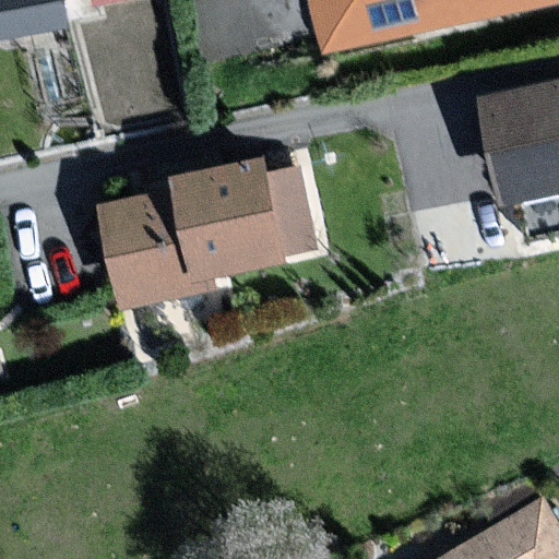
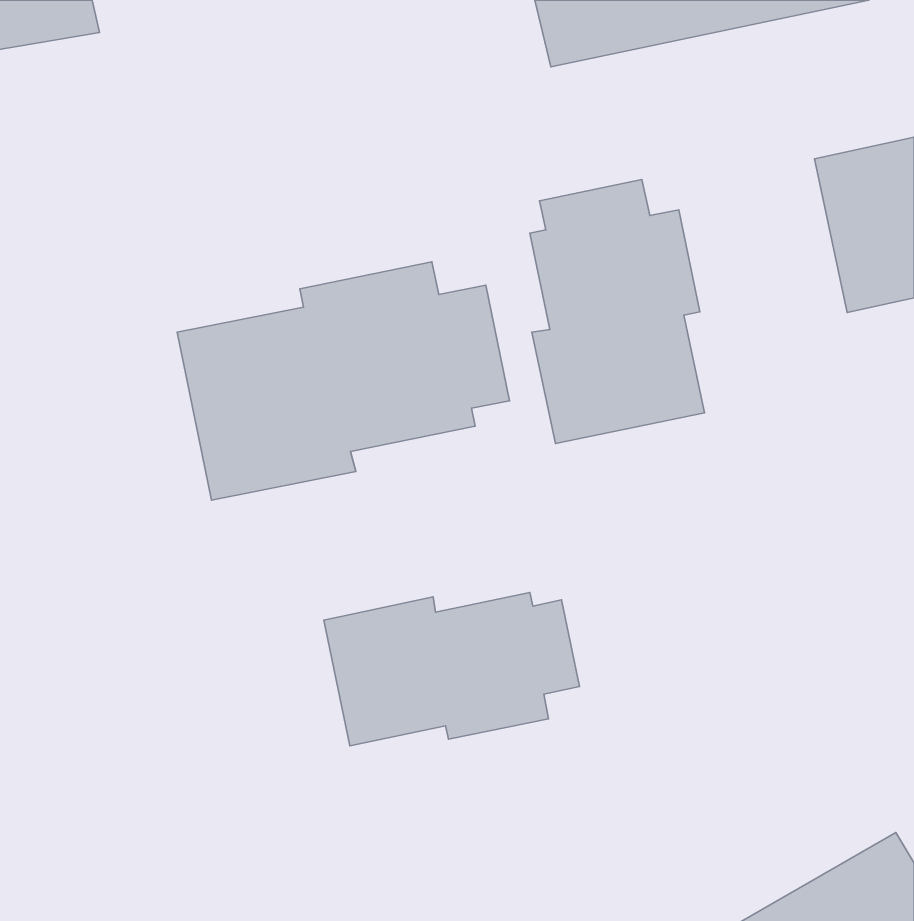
building: none -> [530,179,705,444]
building: none -> [324,593,579,746]

